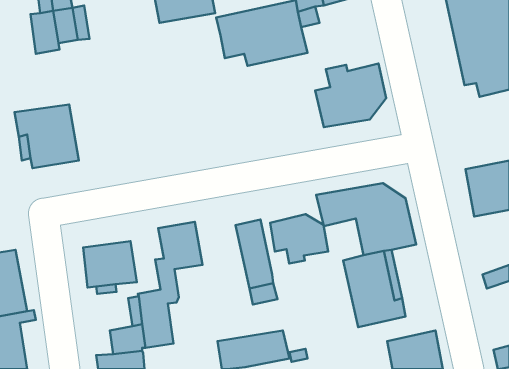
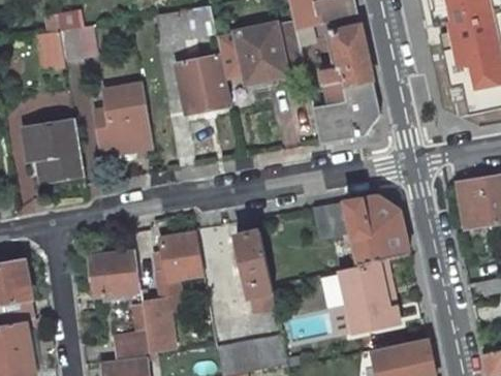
building: none -> [320,25,373,88]
building: none -> [175,54,231,116]
building: none -> [103,83,152,142]
building: [270,214,328,264] -> none

